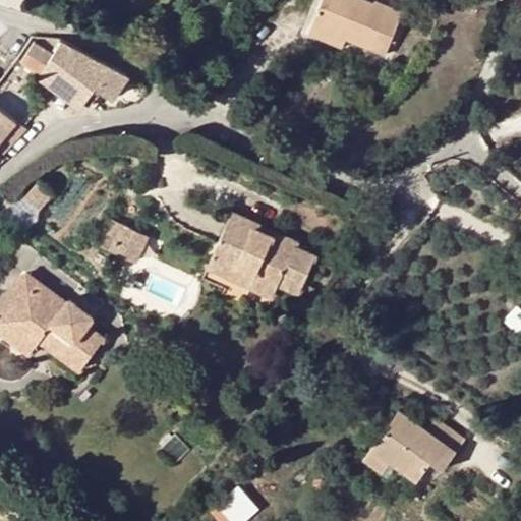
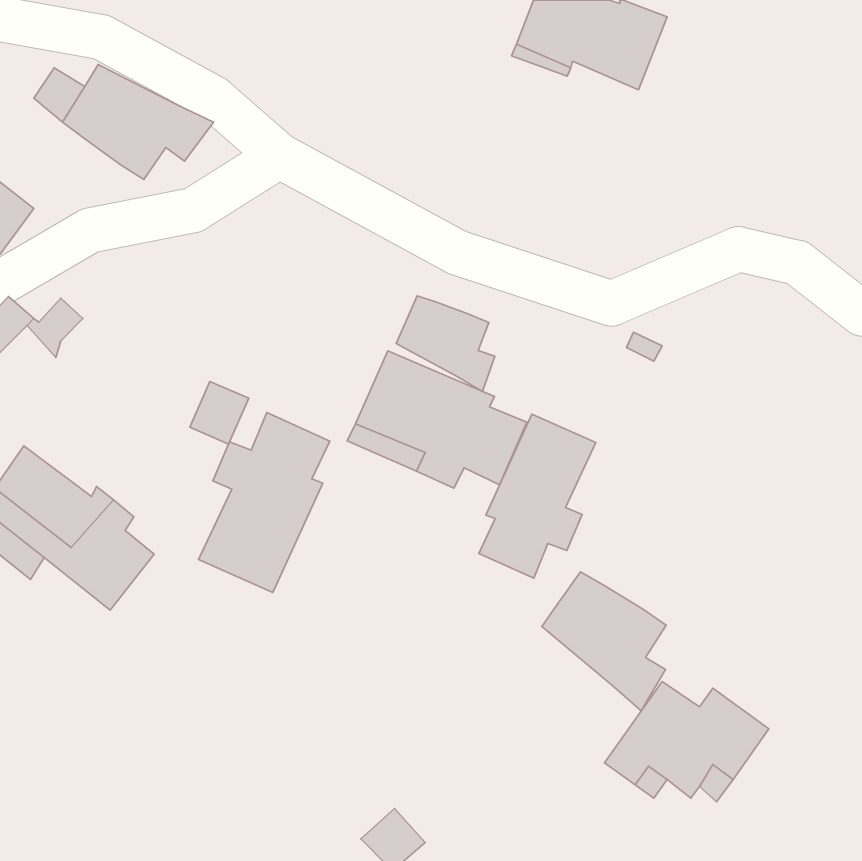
building: none -> [396,296,495,391]
building: none -> [199,413,330,593]
building: none -> [479,414,596,578]
building: none -> [542,572,666,711]

